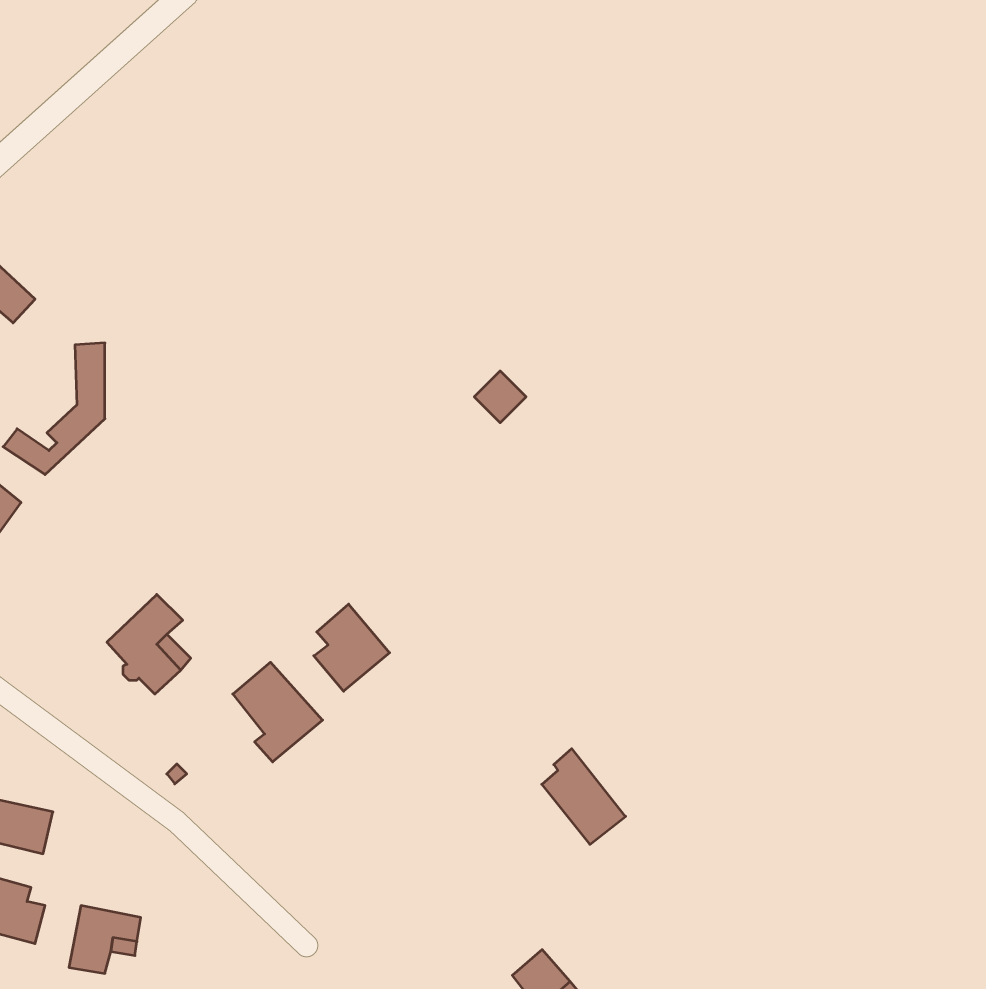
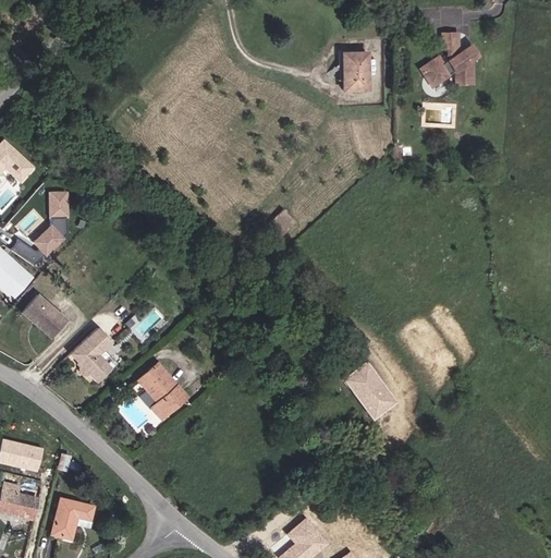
building: none -> [421,32,479,88]
building: none -> [341,50,368,89]
building: none -> [20,295,64,338]
building: [314,604,390,691] -> none
building: [542,749,626,844] -> [351,363,396,415]

